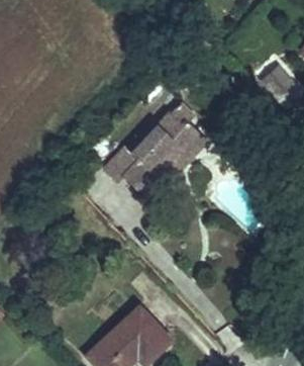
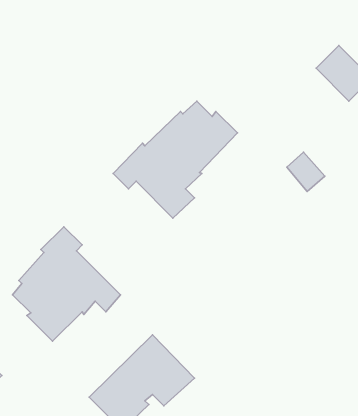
building: none -> [13,227,121,341]

